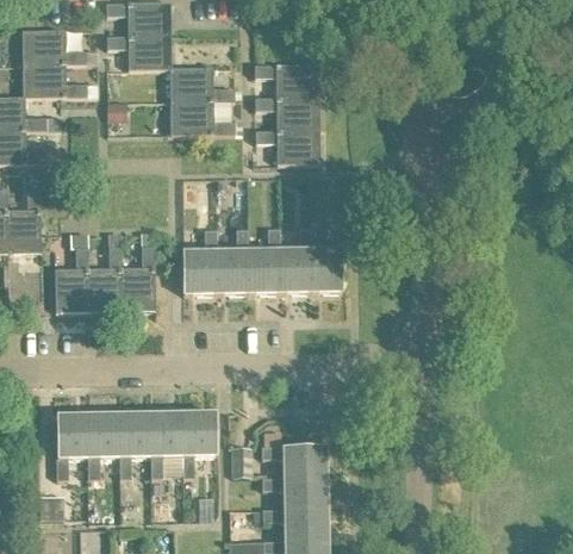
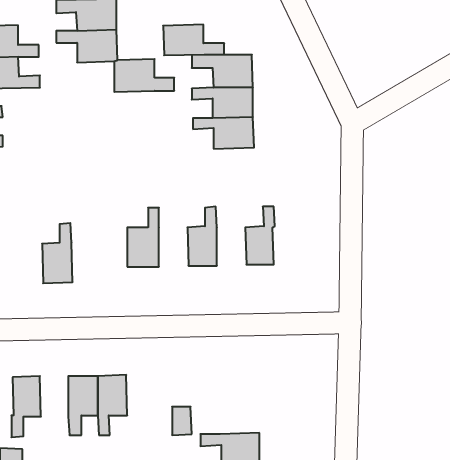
building: [168,101,235,135] -> [163,25,224,55]
building: [280,228,312,292] -> none
building: [217,229,249,293] -> none
building: [122,245,156,310] -> none
building: [55,247,91,312] -> none
building: [181,411,217,477] -> none
building: [87,412,118,478] -> none
building: [262,443,326,475] -> none

